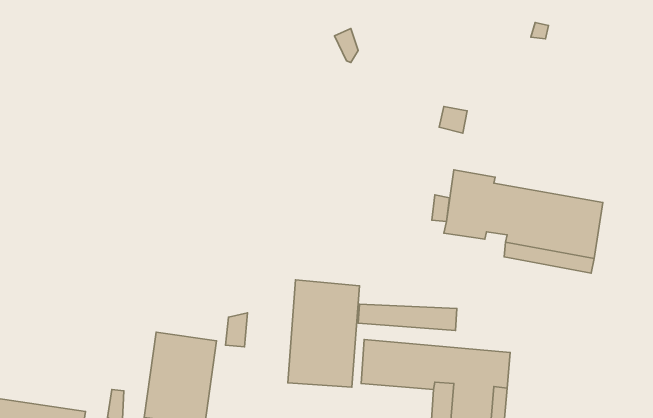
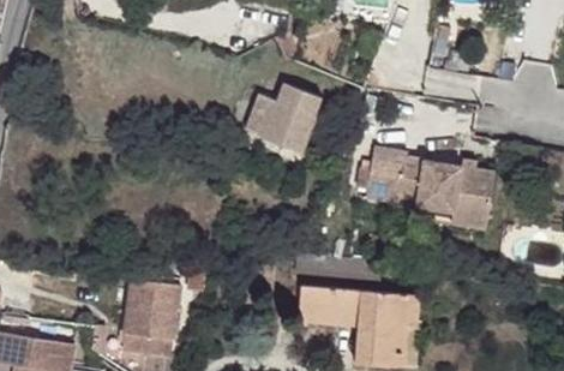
building: none -> [245,80,322,150]
building: [288,280,359,387] -> none

